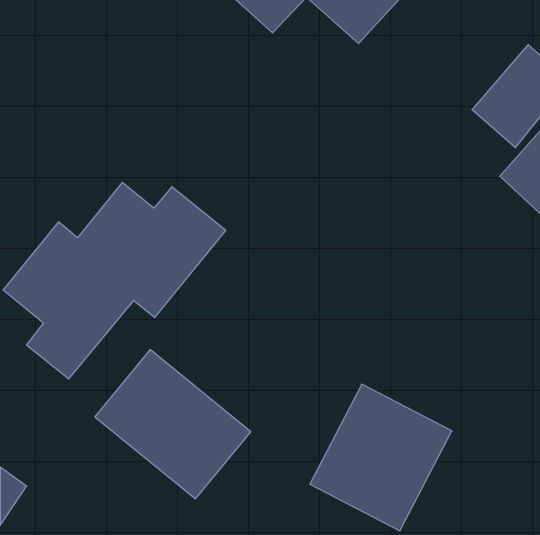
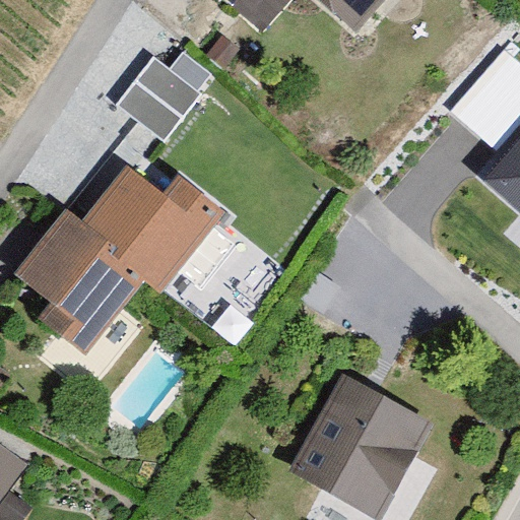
building: none -> [123,55,203,134]
building: [95,350,251,499] -> none

